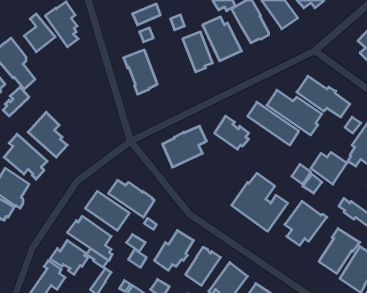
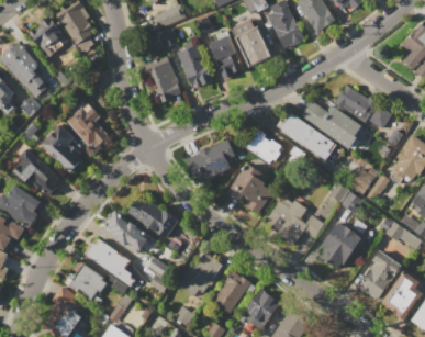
building: none -> [177,44,212,89]
building: none -> [67,102,109,149]
building: none -> [226,162,273,215]

